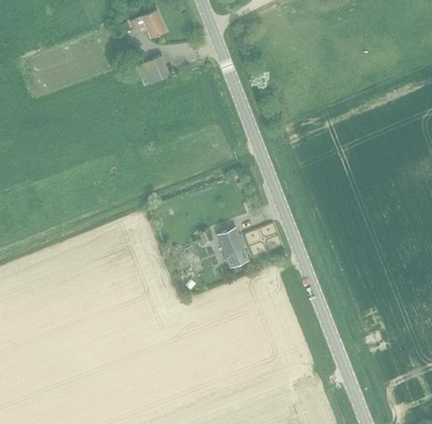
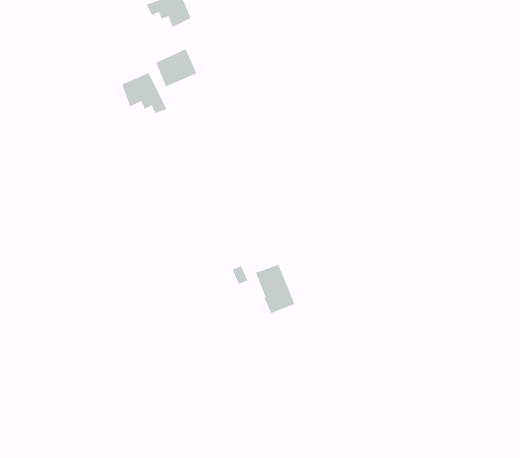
building: none -> [121,72,167,114]

